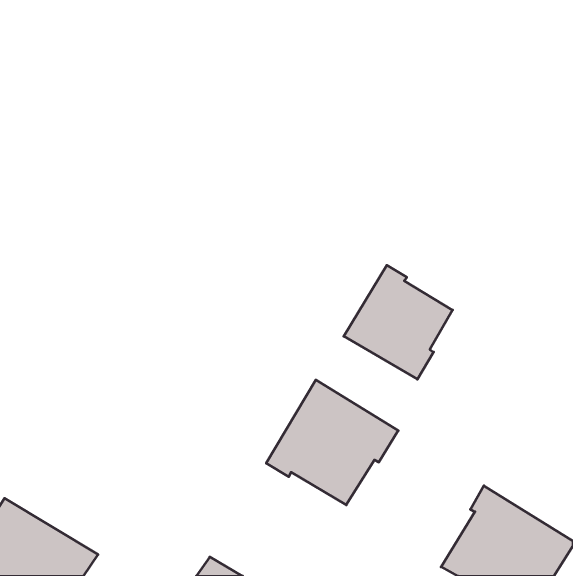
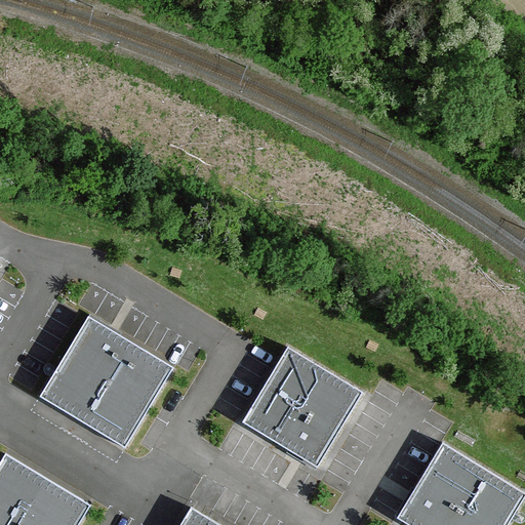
building: [344,265,453,379] -> none
building: none -> [38,323,172,447]

